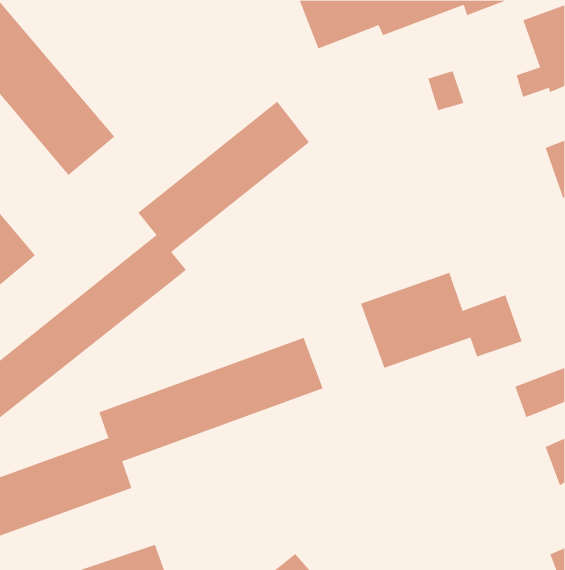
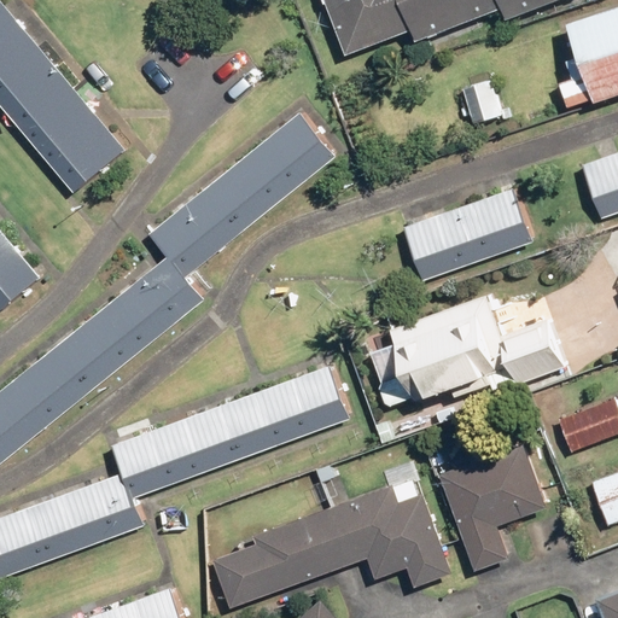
building: none -> [402,191,530,284]
building: none -> [437,443,546,571]
building: none -> [209,485,451,610]

